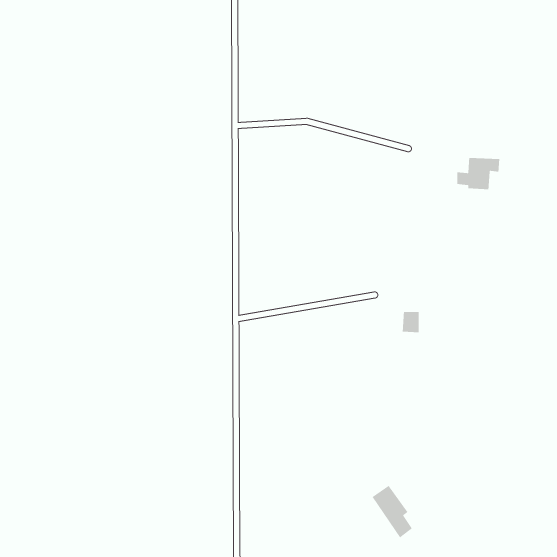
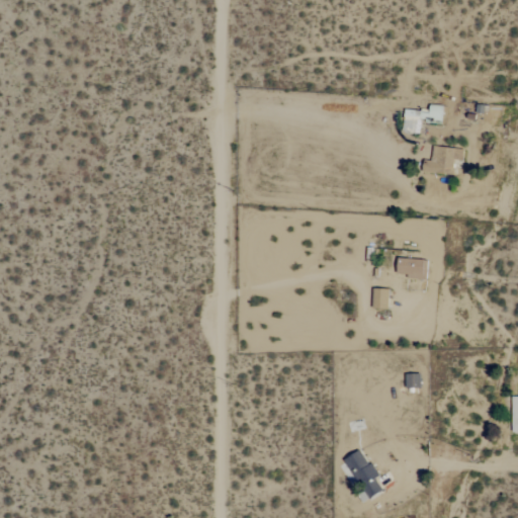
building: none -> [402,103,443,133]
building: none -> [397,257,427,278]

